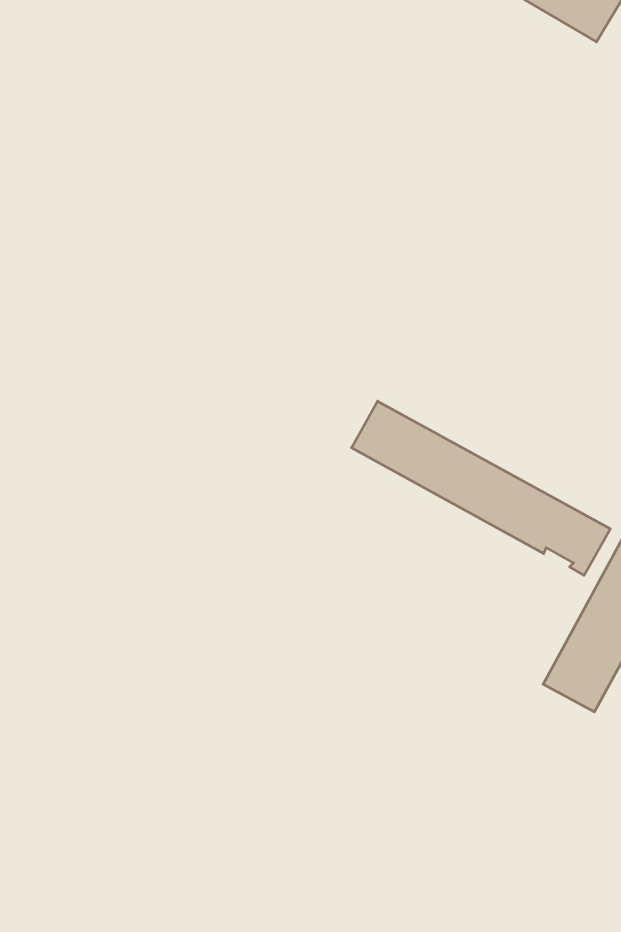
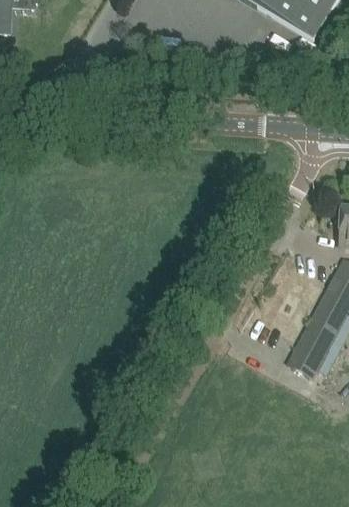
building: [351,401,610,575] -> none

